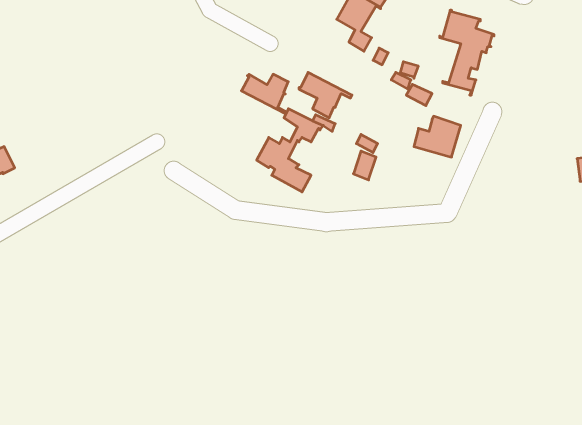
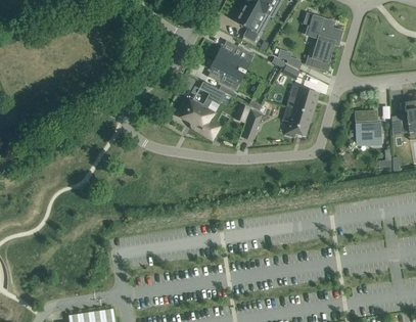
building: [241,74,288,114] -> [216,45,247,72]
building: none -> [284,106,313,137]
building: none -> [355,109,380,140]

